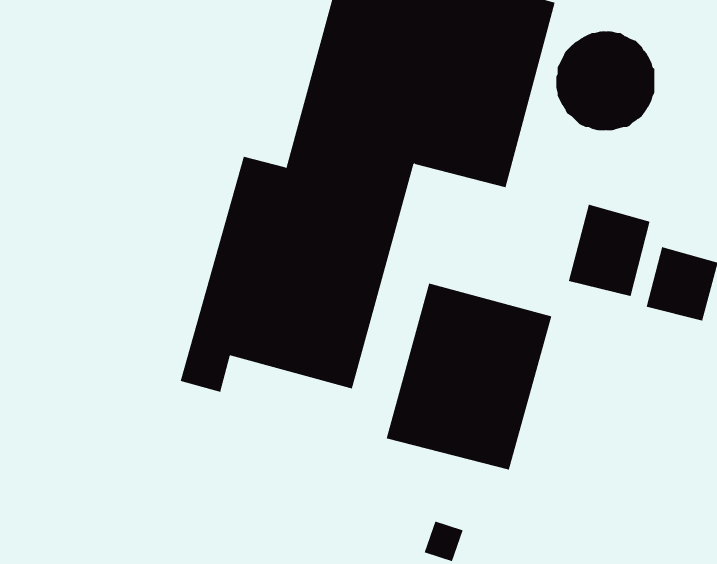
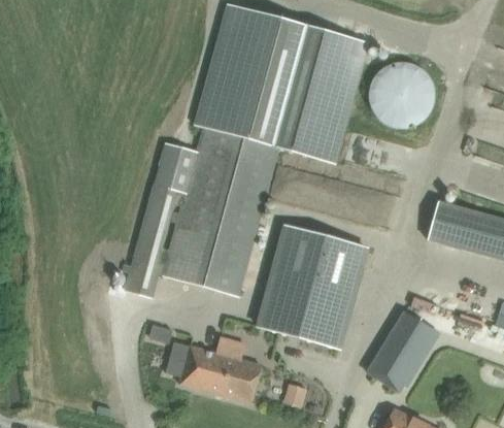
building: [568,204,650,297] -> none
building: none -> [365,310,439,393]
building: none -> [165,335,261,402]

